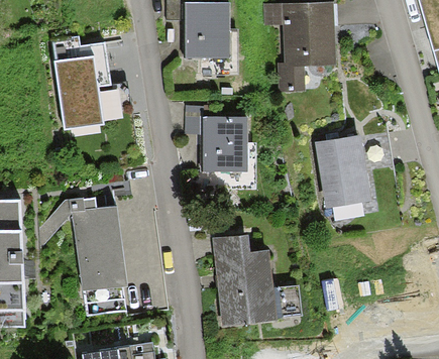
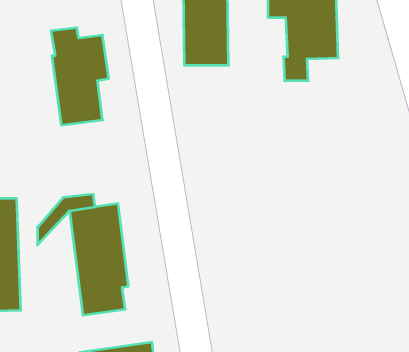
building: [202,111,246,185] -> none
building: [315,135,370,209] -> none
building: [217,230,269,321] -> none

